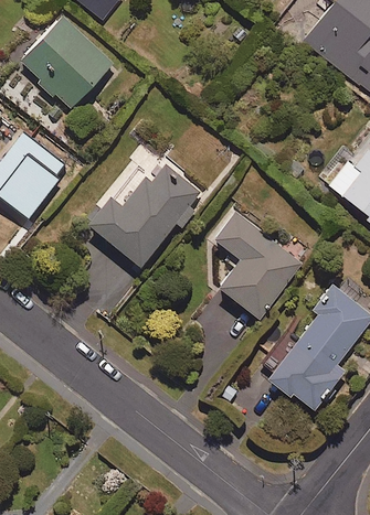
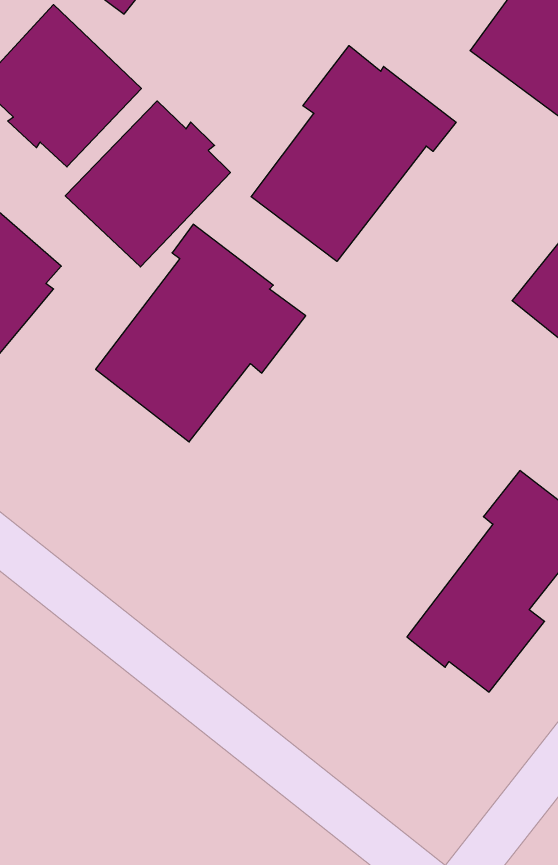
building: none -> [251,46,456,261]
building: none -> [65,101,230,267]
building: [213,211,303,319] -> none

